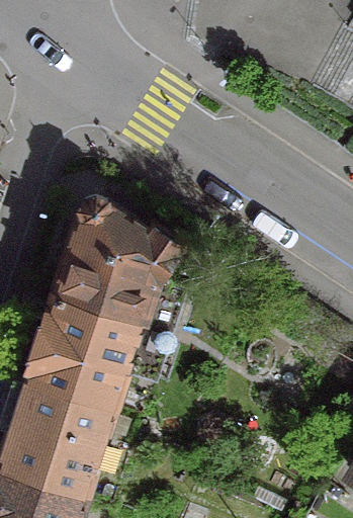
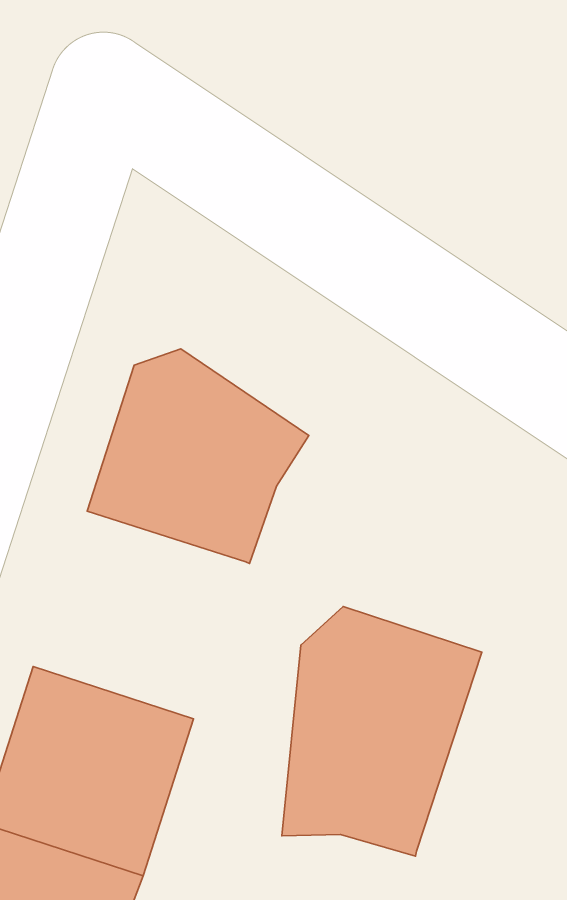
building: [22,293,142,410] -> none
building: none -> [282,607,482,856]

